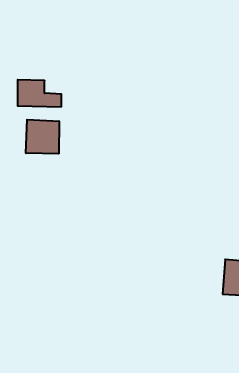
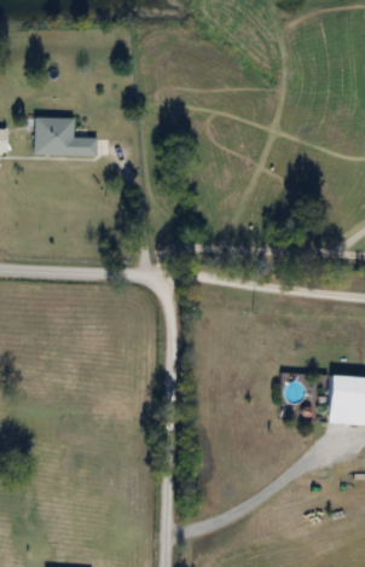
building: [26,120,59,154] -> none

